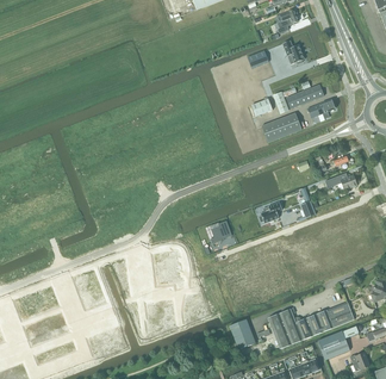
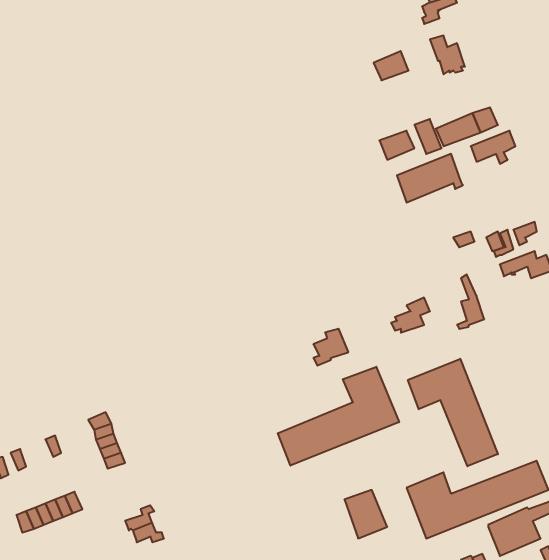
building: none -> [408,359,498,466]
building: none -> [278,367,399,466]

